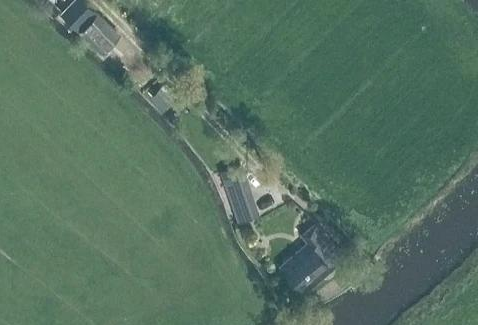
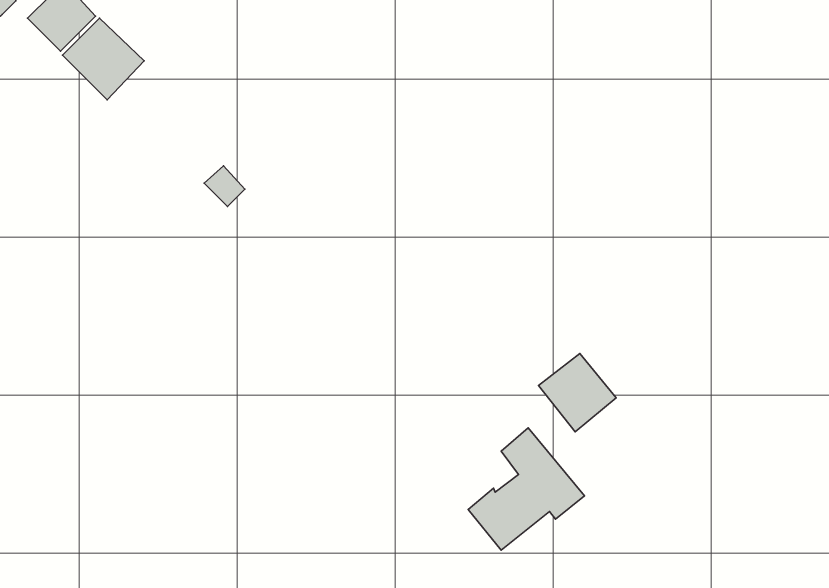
building: [225,181,257,224] -> none
building: none -> [539,354,616,432]

